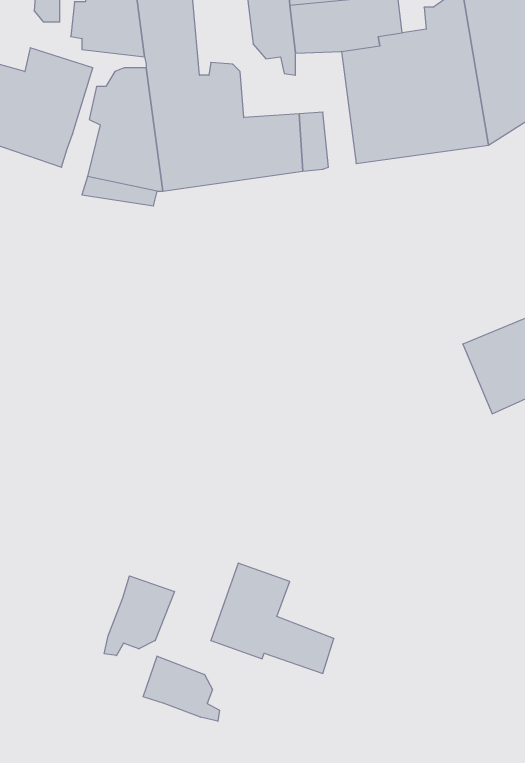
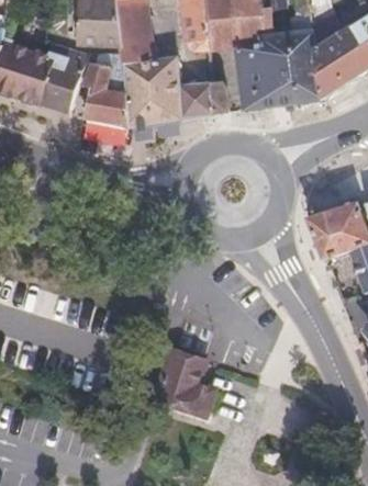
building: [104,576,174,656] -> none
building: [143,656,219,721] -> none

